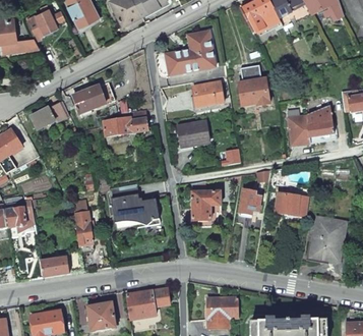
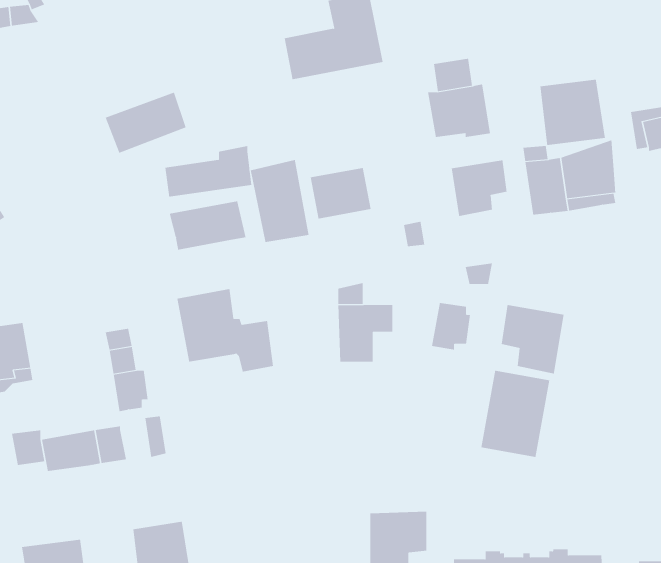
building: none -> [540,79,606,146]
building: [192,81,223,106] -> none
building: [29,101,68,129] -> none
building: none -> [250,159,309,243]
building: none -> [451,160,507,217]
building: none -> [169,200,246,250]
building: [309,217,345,262] -> [481,370,550,458]
building: [125,287,169,319] -> none

